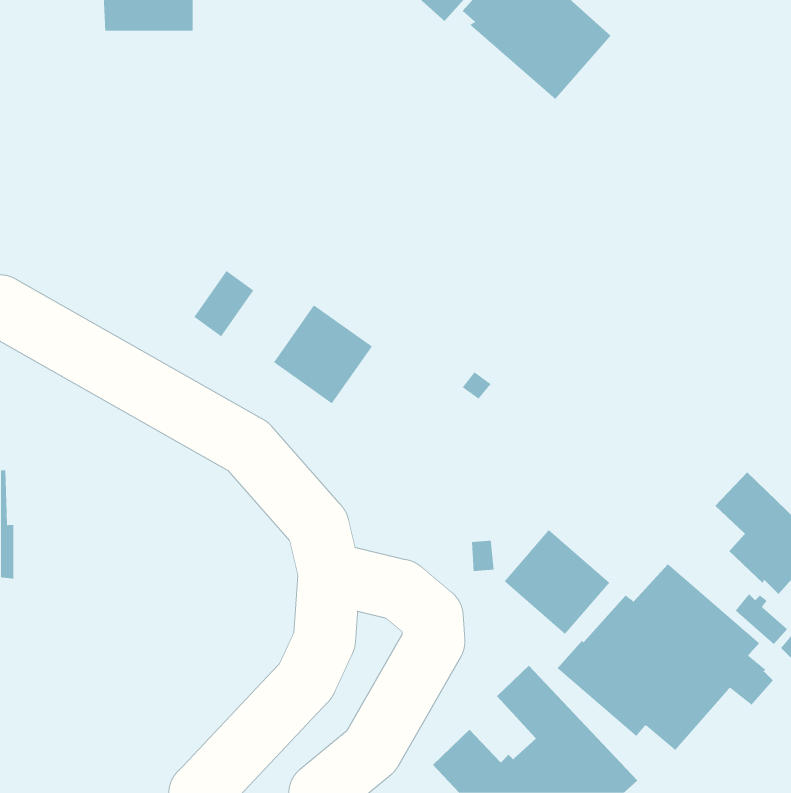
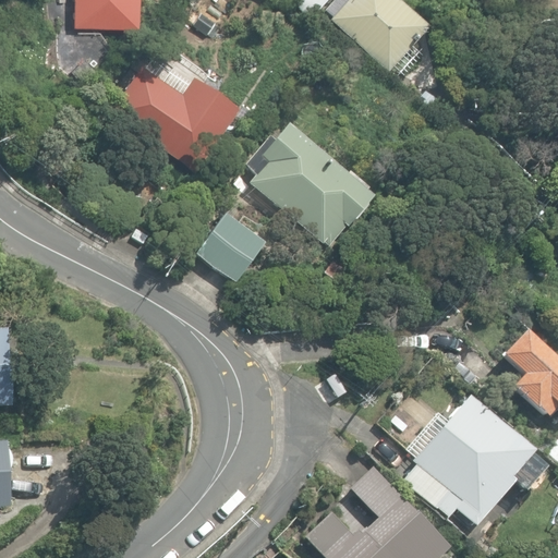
building: none -> [112,65,241,170]
building: none -> [245,124,375,242]
building: [504,529,610,635] -> none

